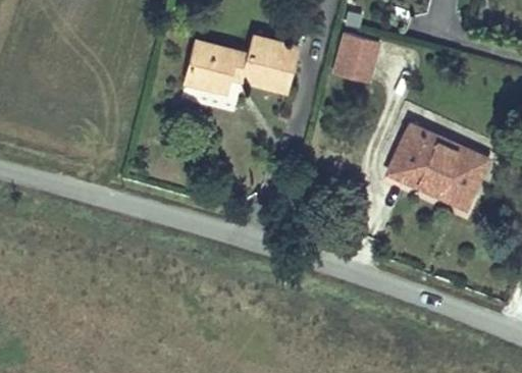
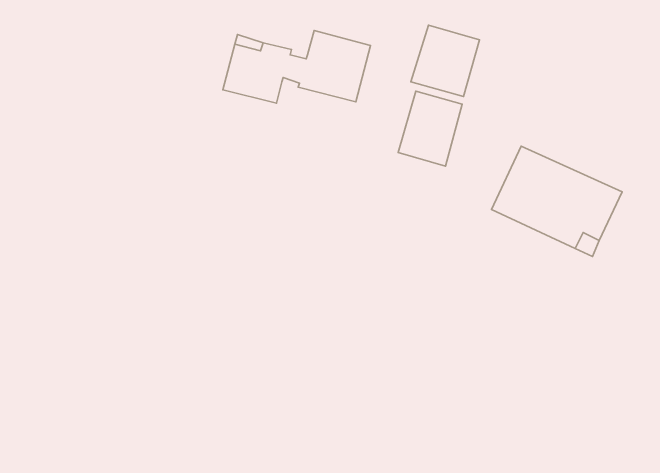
building: none -> [398,91,462,166]

